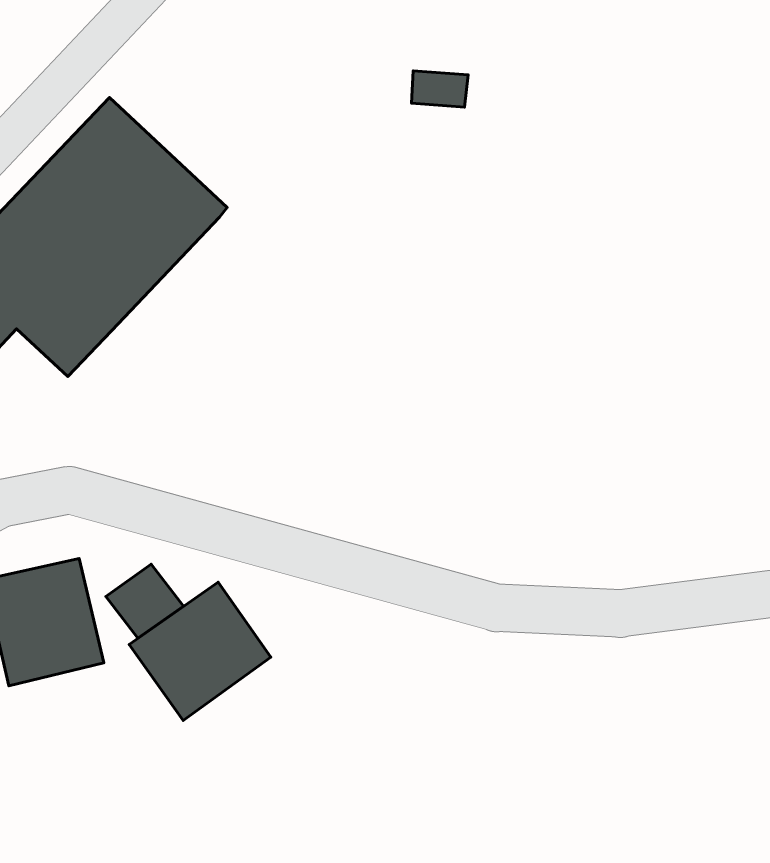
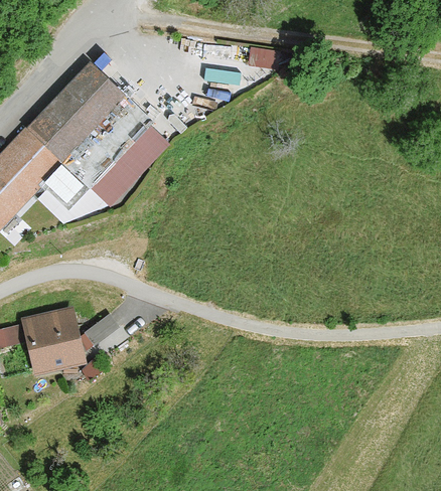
building: none -> [90,128,166,206]
building: [129,582,271,721] -> none

